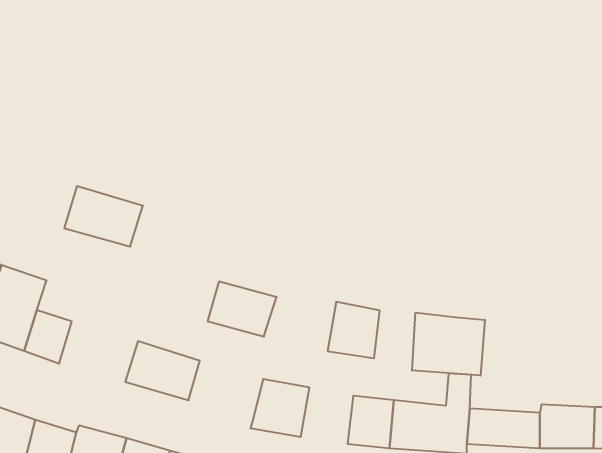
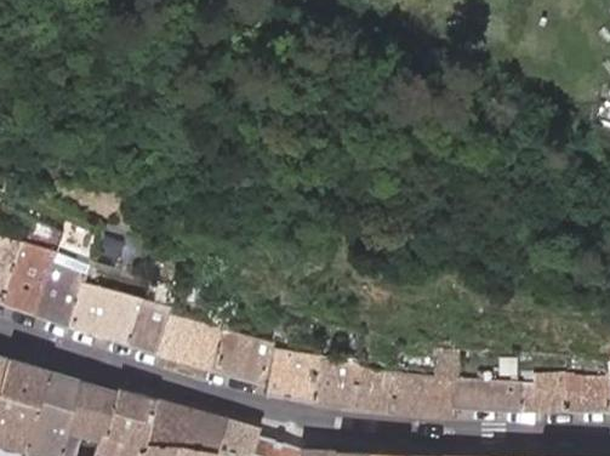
building: [64,186,143,247] -> [101,302,169,354]
building: [208,282,277,337] -> [212,336,272,383]
building: [328,302,380,358] -> [309,359,354,407]
building: [412,313,485,376] -> none

